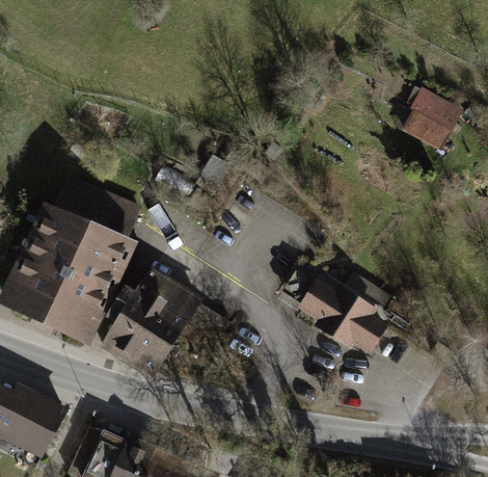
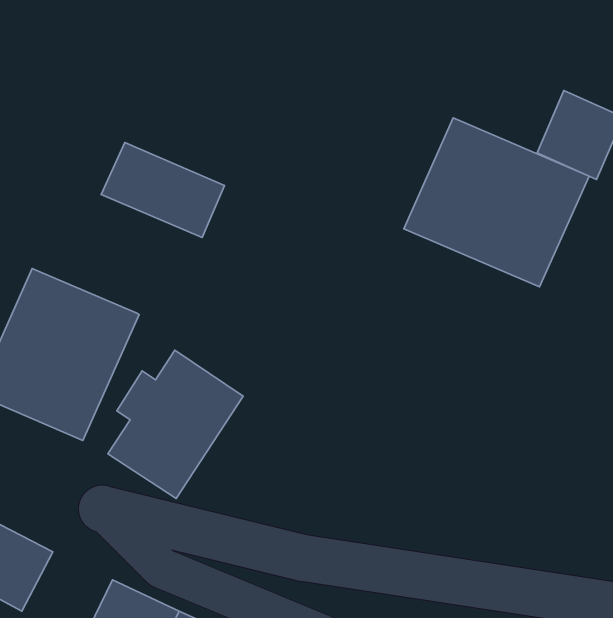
building: none -> [404,118,589,287]
building: [50,179,136,245] -> [101,143,224,238]
building: [298,280,392,357] -> none

